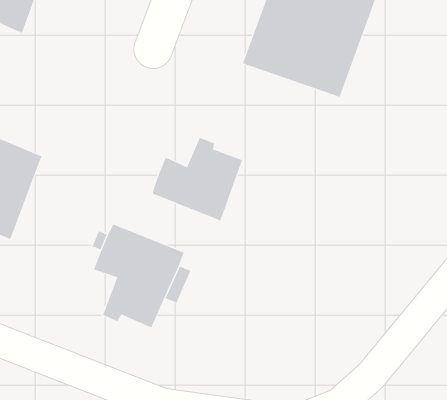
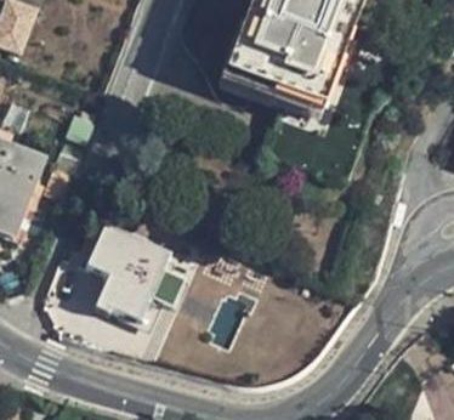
building: [152,137,243,221] -> none

